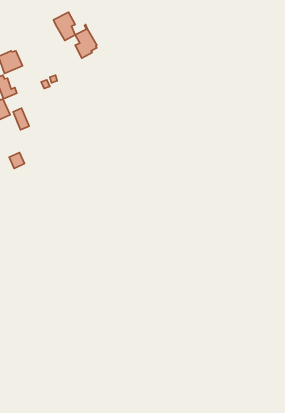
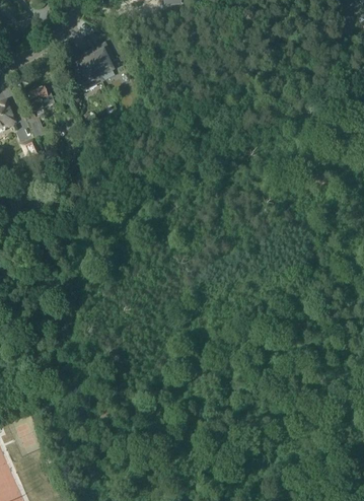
building: [75,24,97,58] -> [78,51,101,87]

